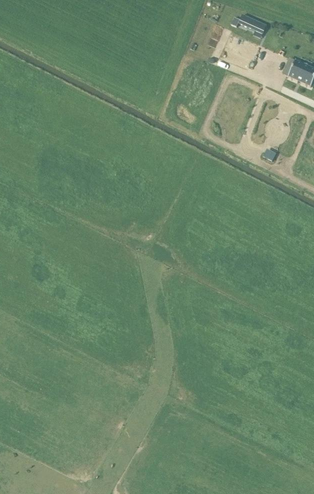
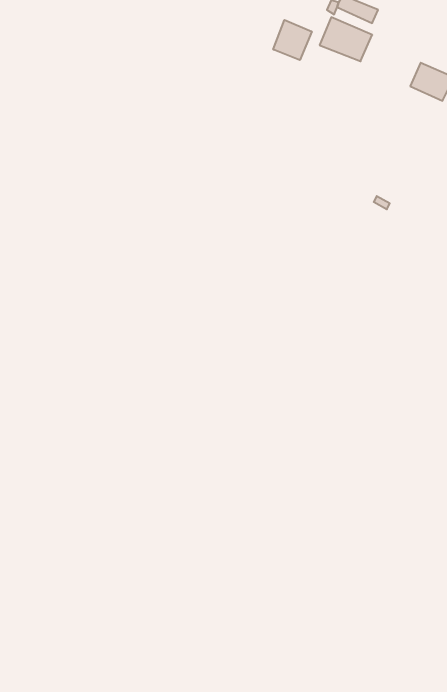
building: none -> [273,20,312,60]

